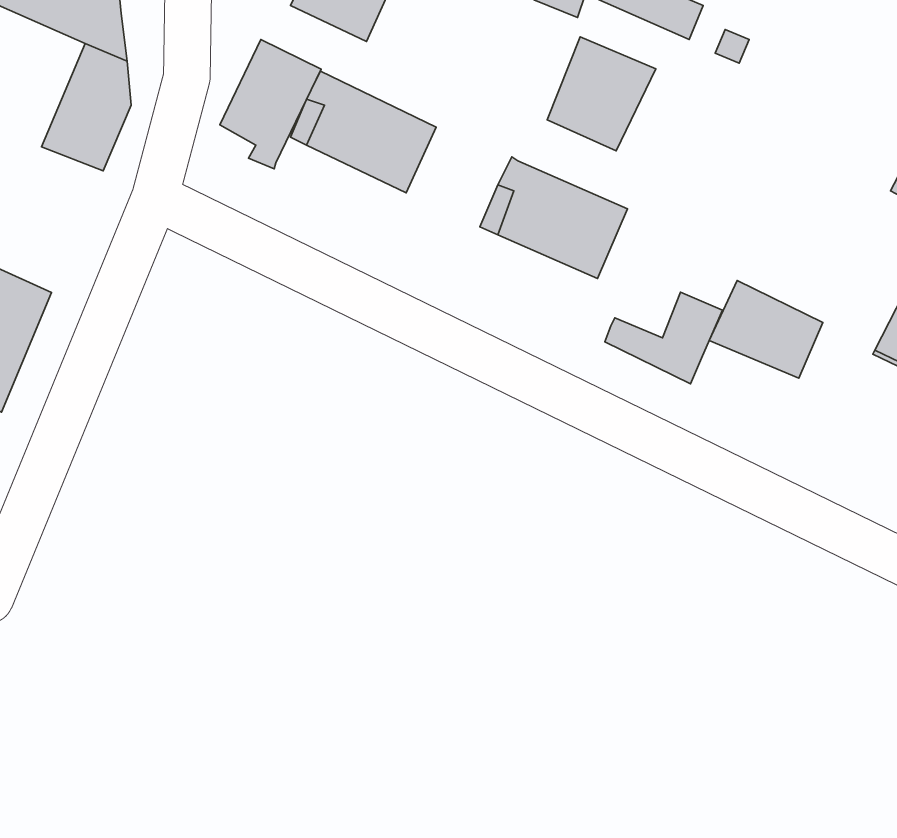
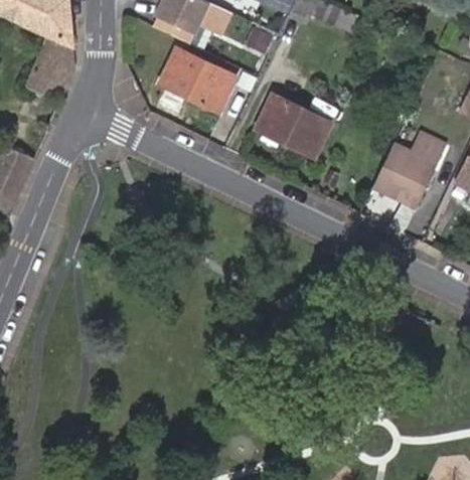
building: [547,37,656,151] -> none
building: [220,40,321,169] -> none
building: [605,292,722,384] -> [383,131,443,177]

